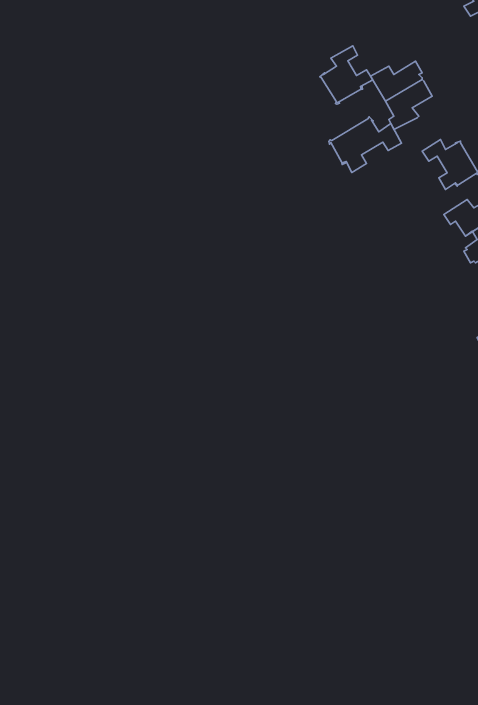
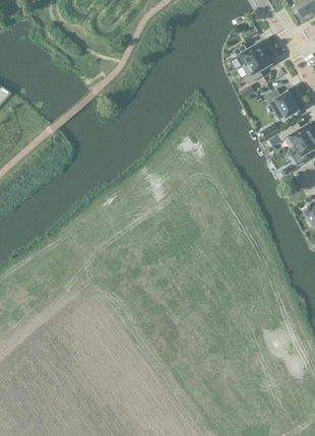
building: [320,46,373,104] -> none
building: [329,117,402,173] -> none

